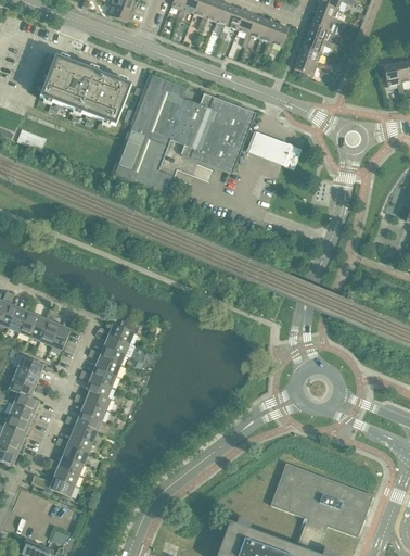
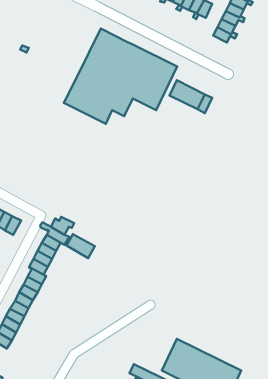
building: [39,54,131,125] -> none
building: none -> [67,234,95,258]

